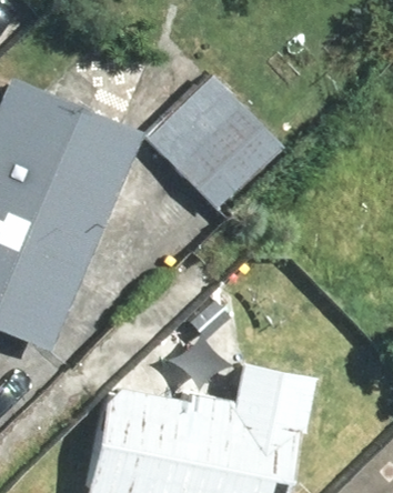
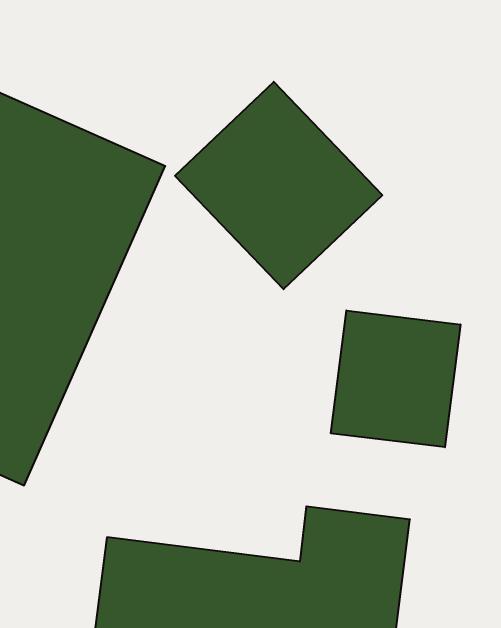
building: none -> [331,310,460,447]

